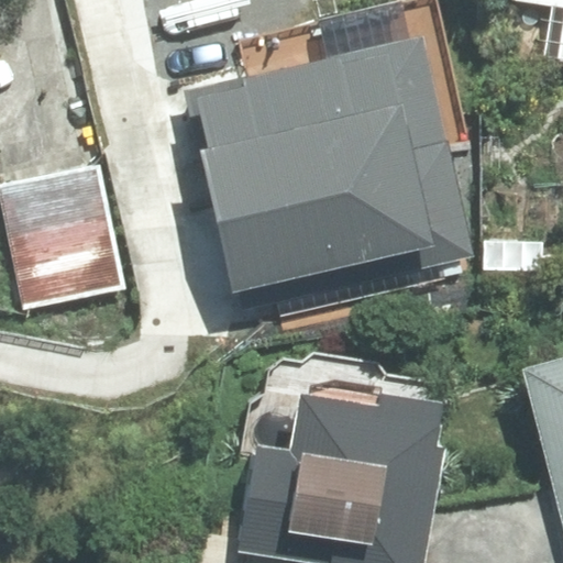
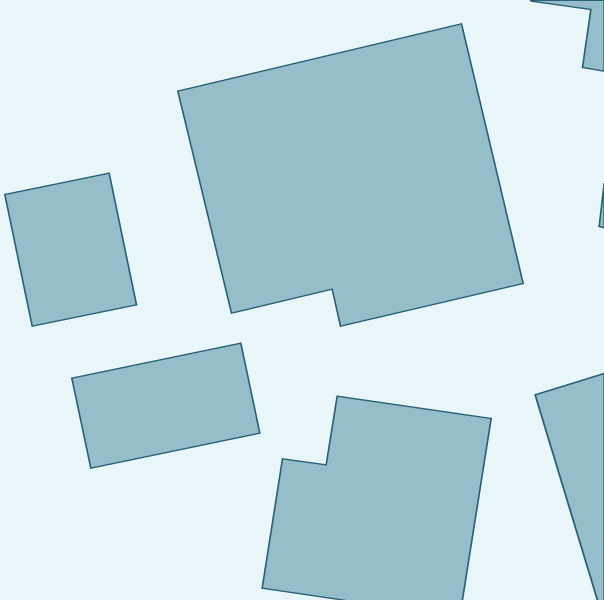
building: none -> [72,343,260,468]

